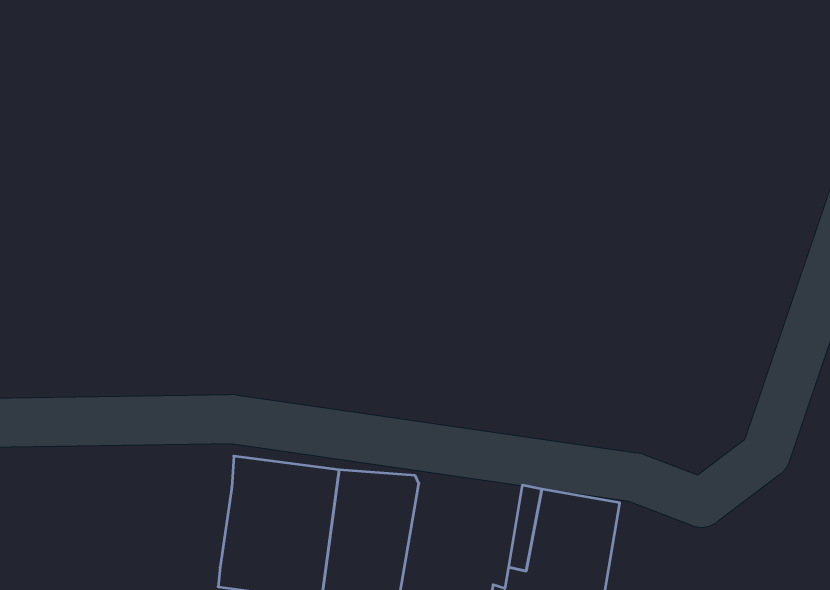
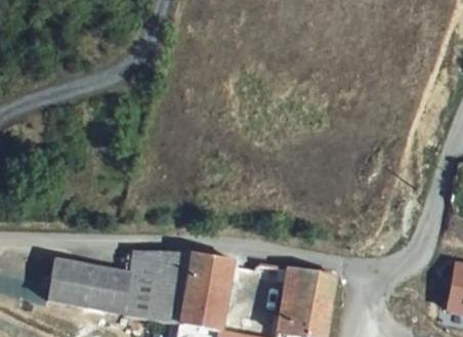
building: none -> [50,258,131,311]

